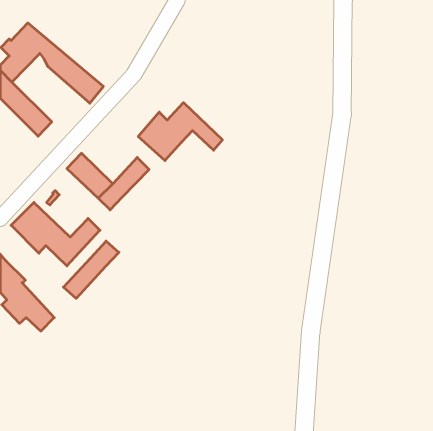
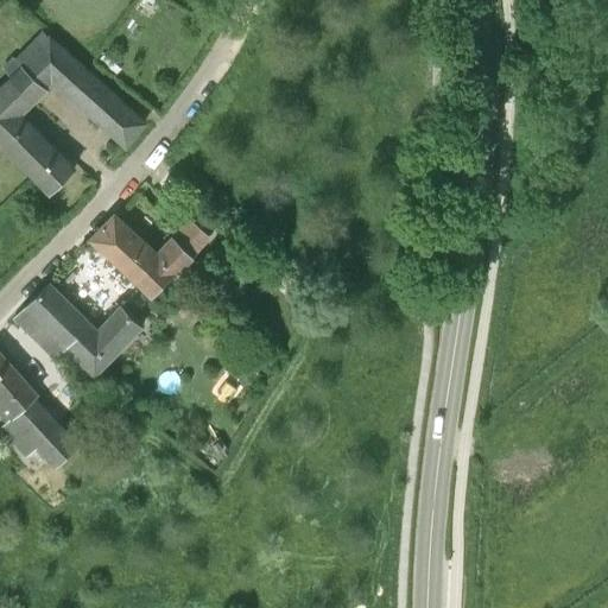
building: [138,103,222,161] -> none
building: [63,241,119,298] -> none

